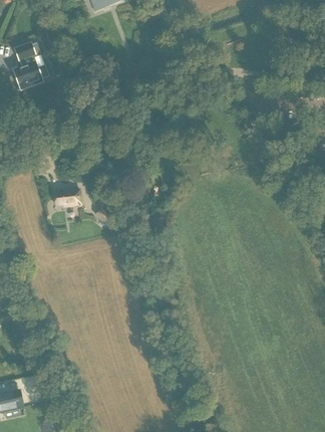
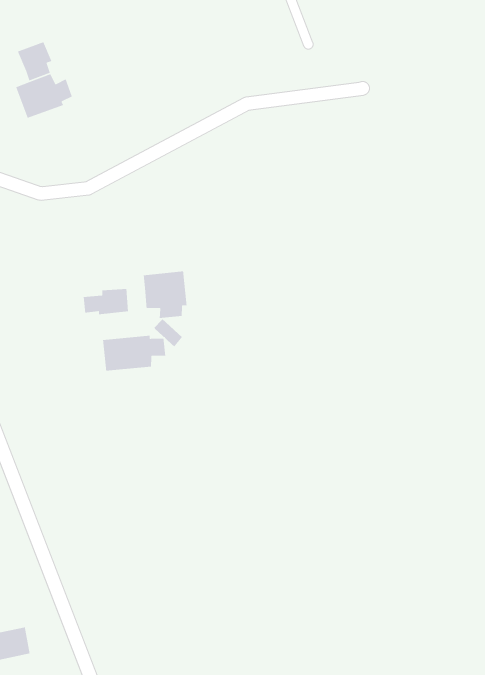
building: none -> [143,271,187,319]
building: none -> [102,335,166,371]

